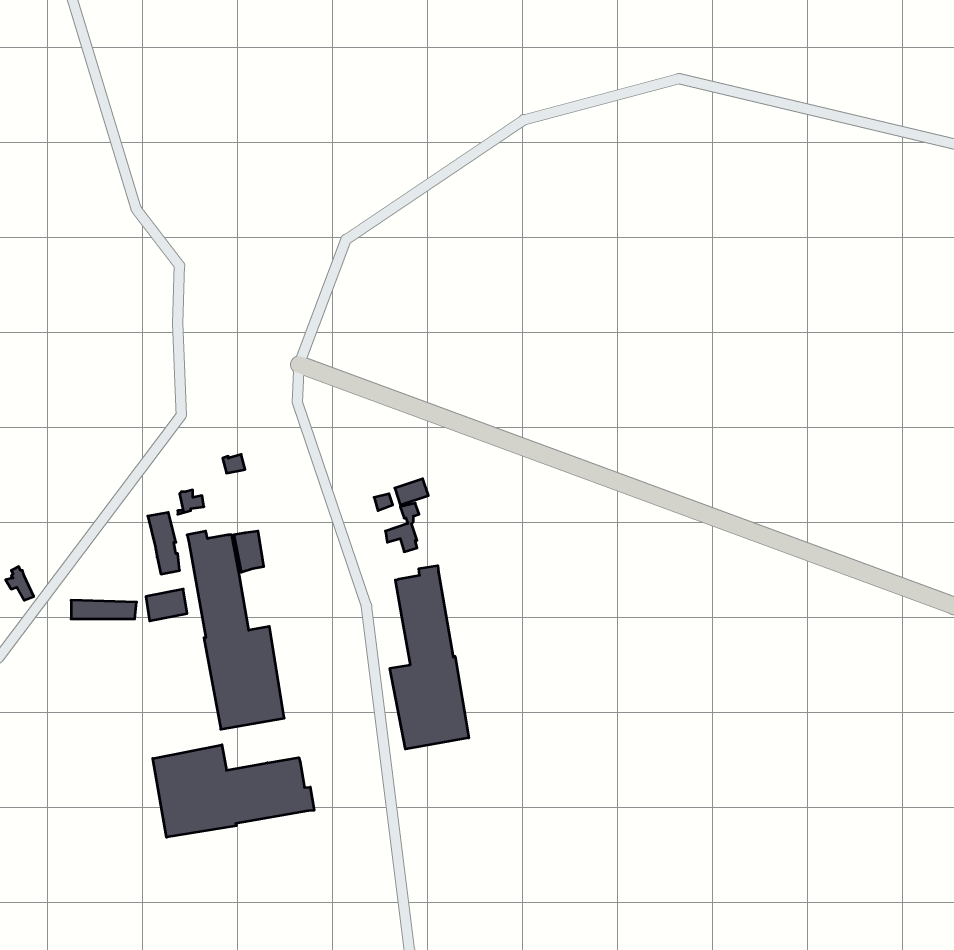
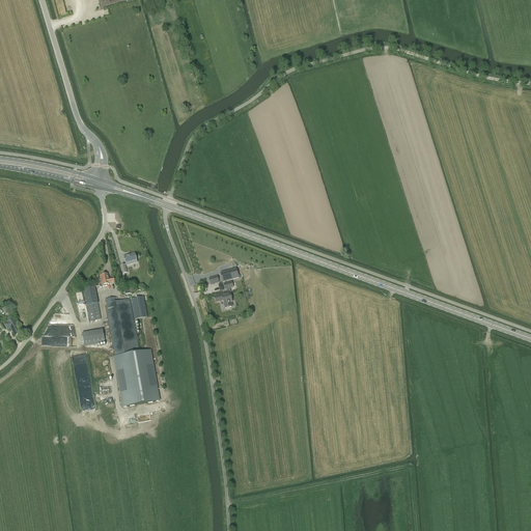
building: [390,566,469,749] -> none
building: [153,745,314,837] -> none

